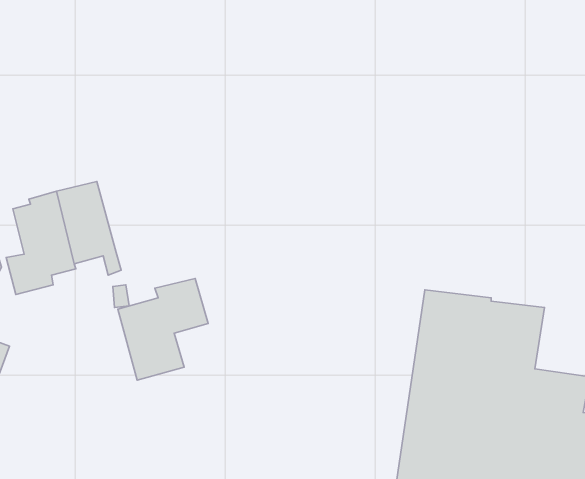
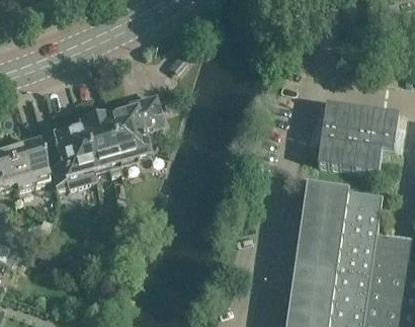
building: none -> [316,103,398,175]
building: [118,278,208,380] -> [102,97,159,161]

